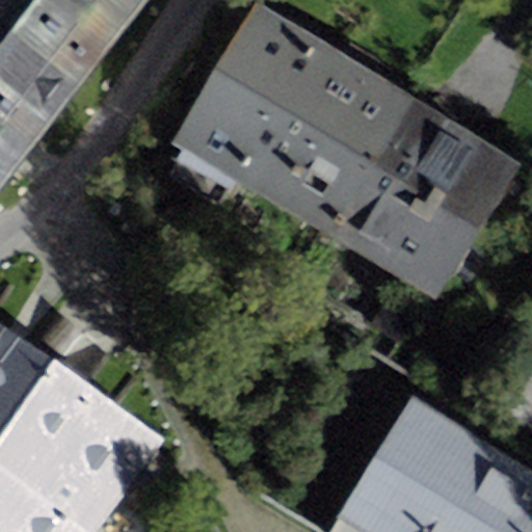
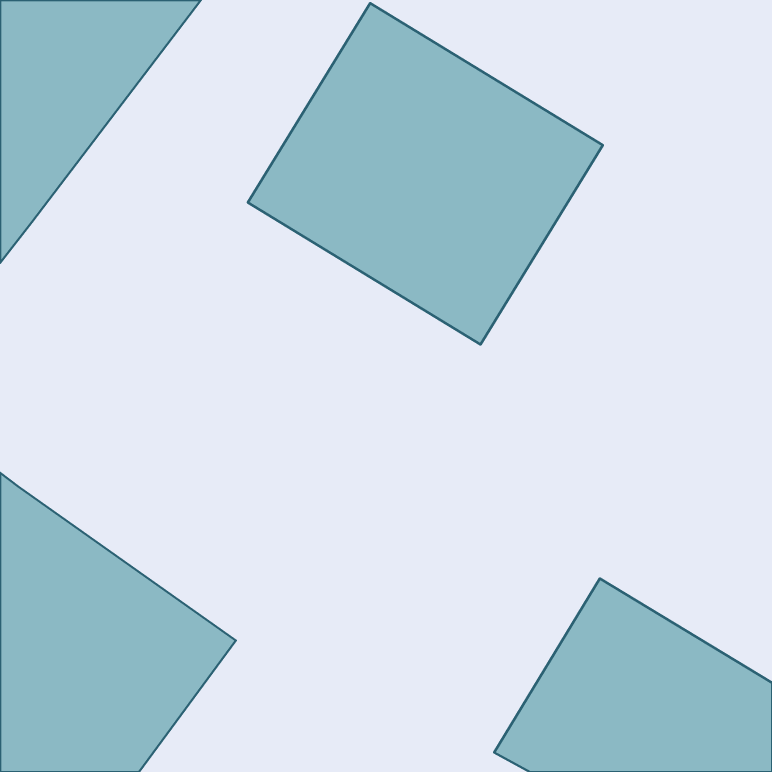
building: [330,100,518,300] -> none

